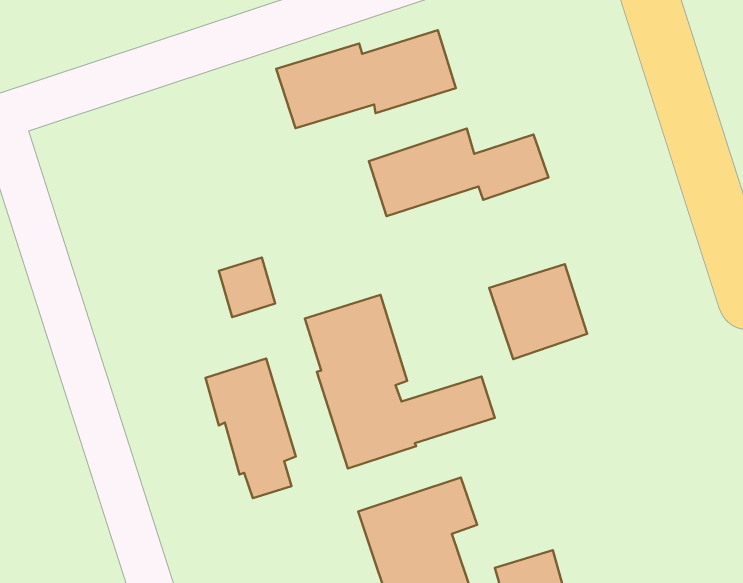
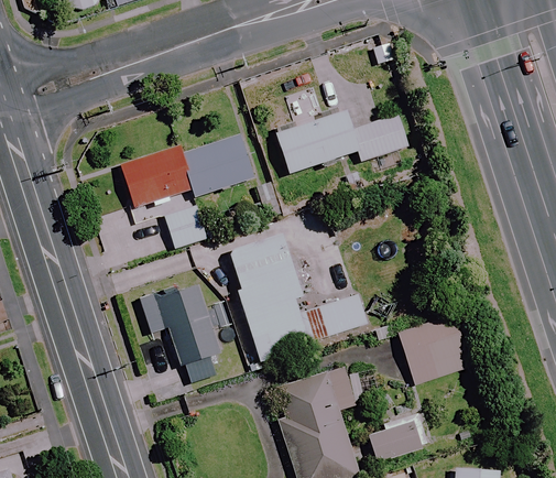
building: [276,30,456,128] -> [120,135,253,208]
building: [489,264,587,359] -> [397,314,470,384]

